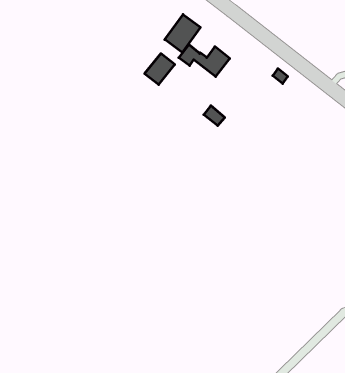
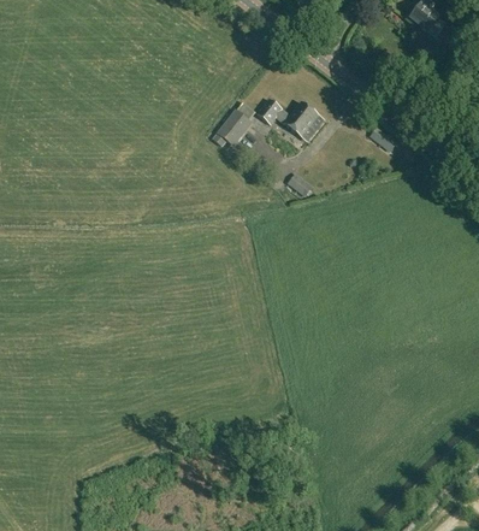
building: [165,14,200,52] -> none

